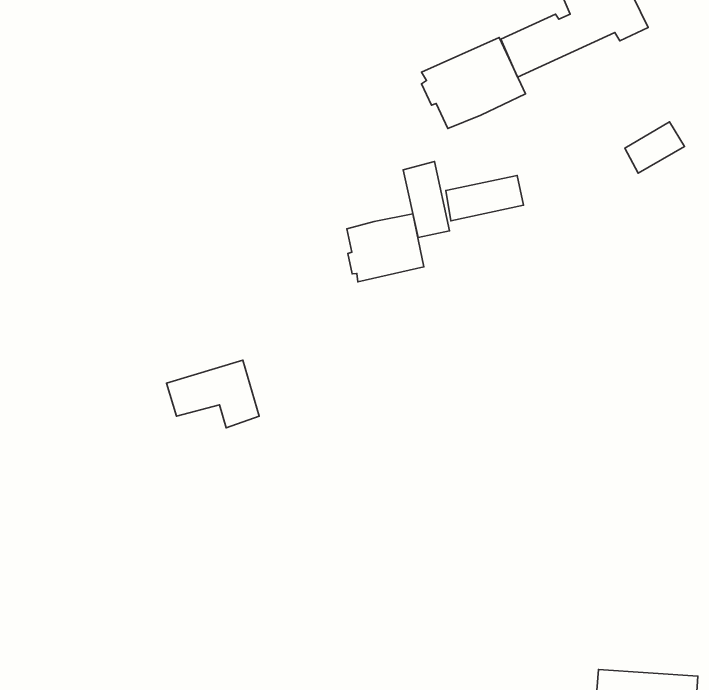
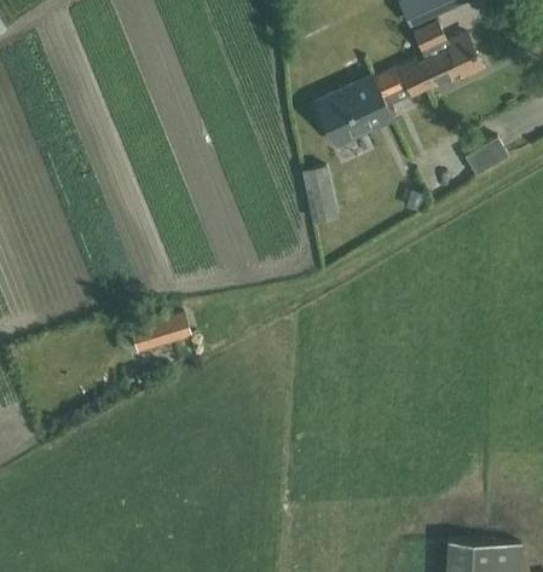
building: [446,176,524,221] -> none
building: [347,214,424,282] -> none

